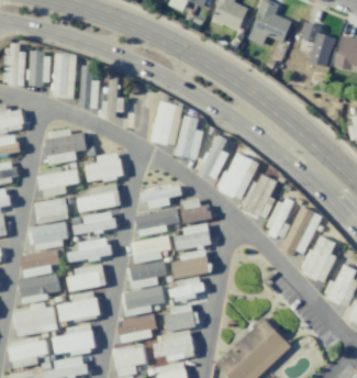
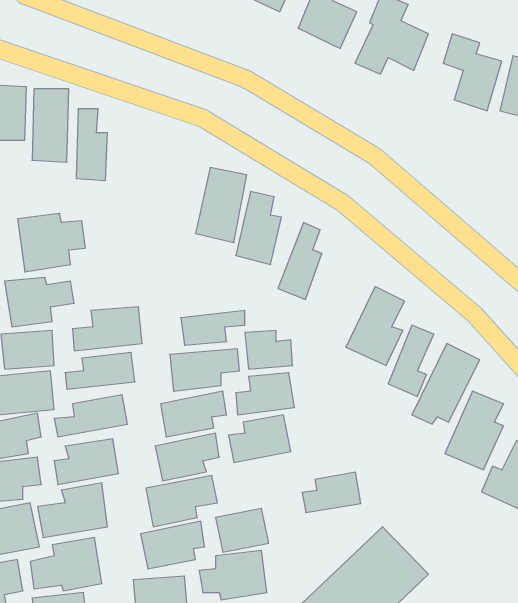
building: [85,152,123,182] -> none
building: [219,152,258,200] -> none
building: [169,276,204,300] -> [302,472,361,513]

